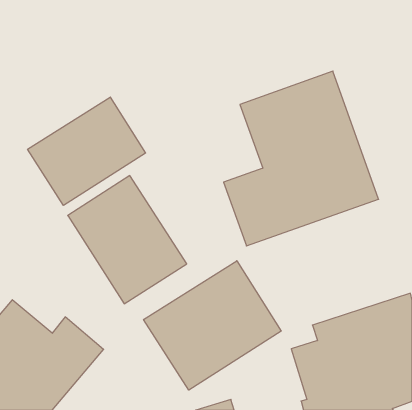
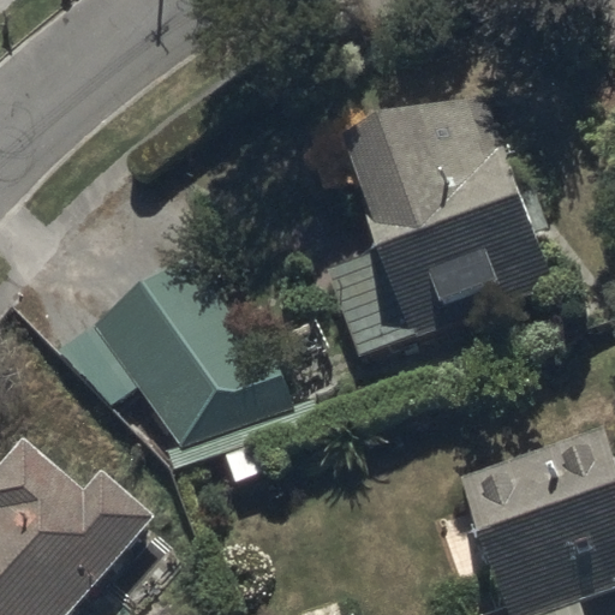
building: [28,97,146,205] -> none
building: [144,261,281,390] -> none

